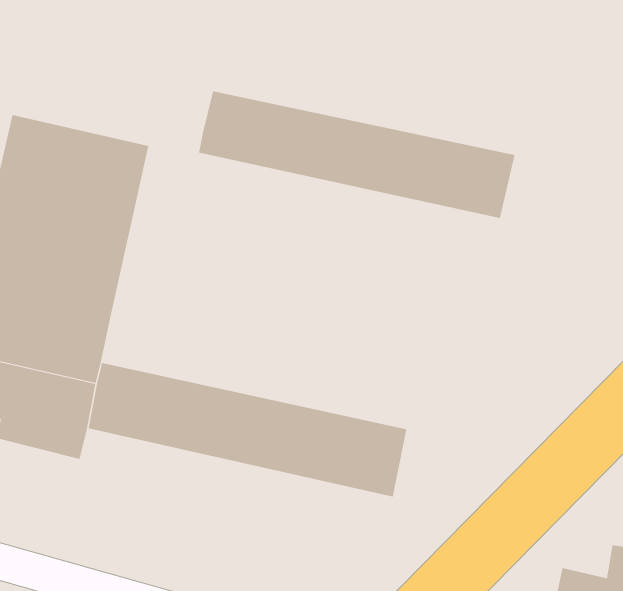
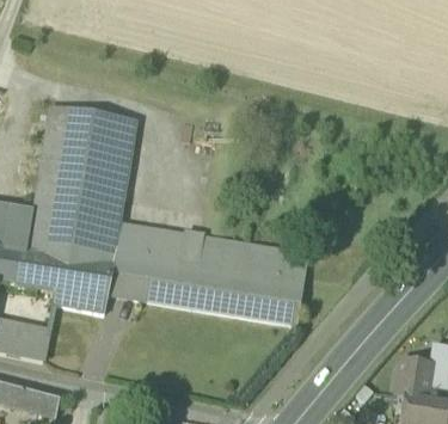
building: [199,90,515,219] -> none
building: none -> [113,222,307,282]

